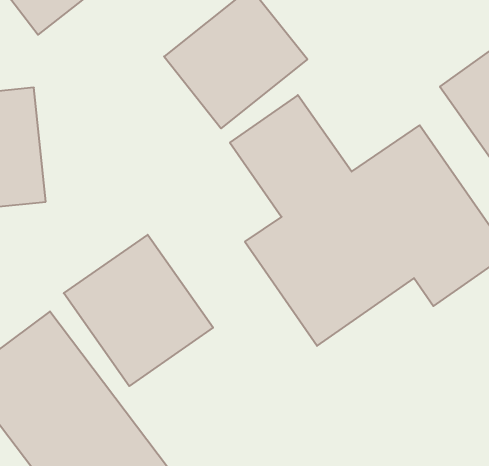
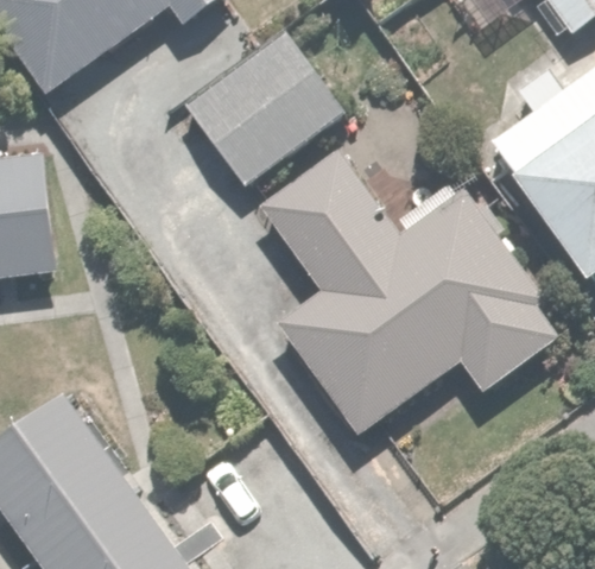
building: [64,235,213,386] -> none

